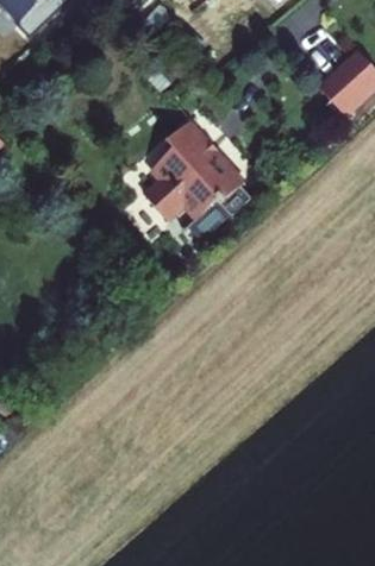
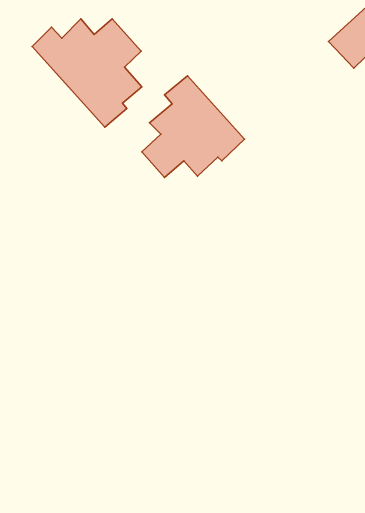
building: none -> [32,19,142,127]

